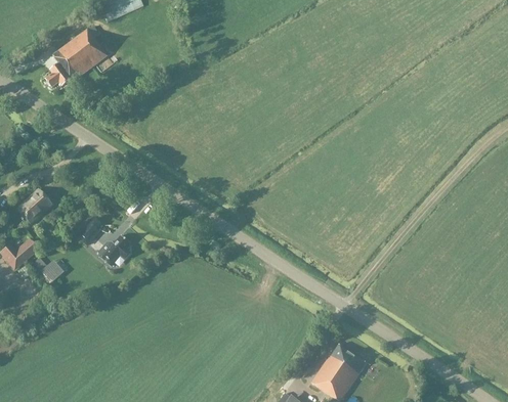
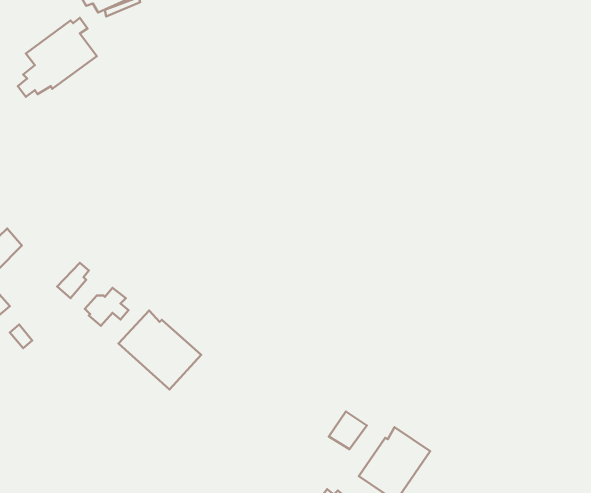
building: none -> [119,311,201,389]
building: none -> [329,411,367,449]

